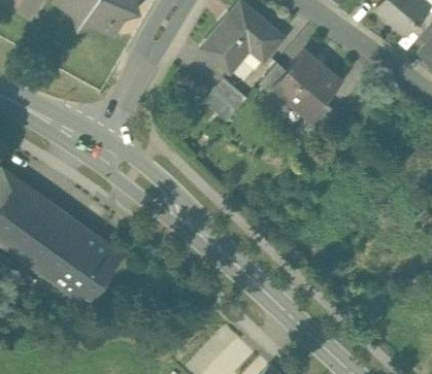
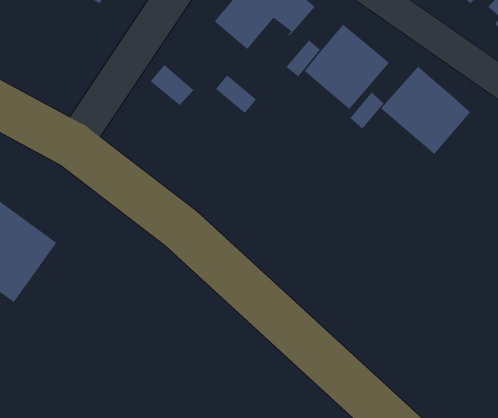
building: [213,78,248,111] -> [150,64,194,106]
building: none -> [380,66,471,155]
building: [45,225,122,303] -> none

